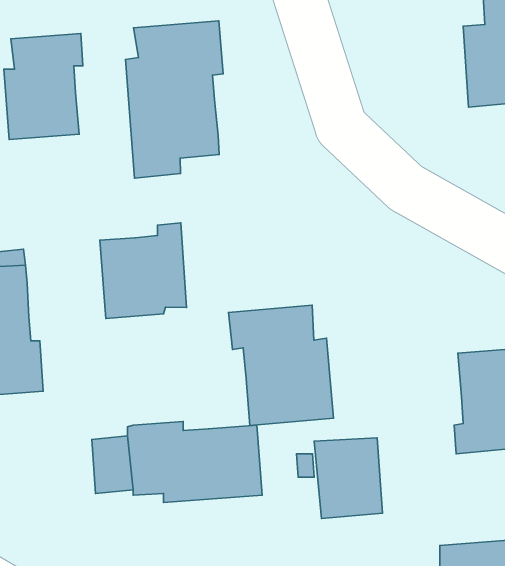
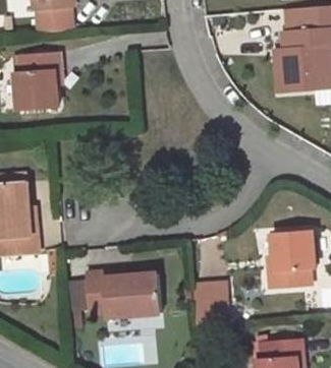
building: [126,21,223,178] -> none
building: [100,223,186,318] -> none
building: [229,305,334,426] -> none

